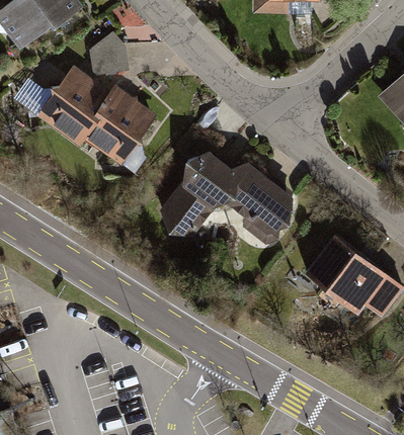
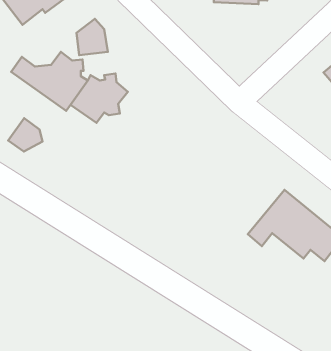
building: none -> [8,118,43,151]
building: [161,152,298,244] -> none

